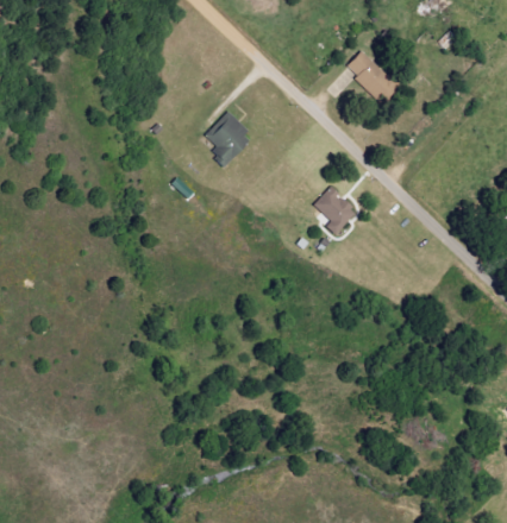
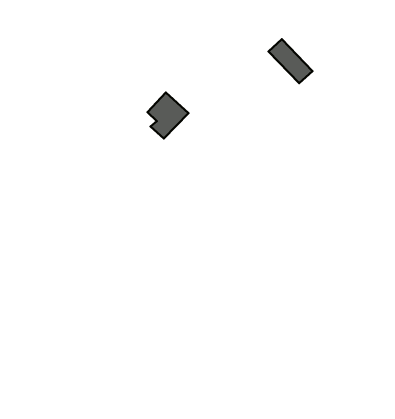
building: [314,187,357,234] -> none

